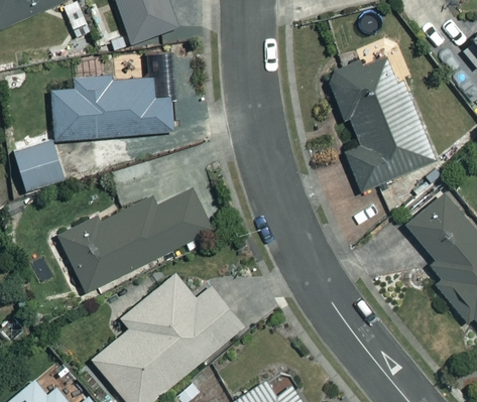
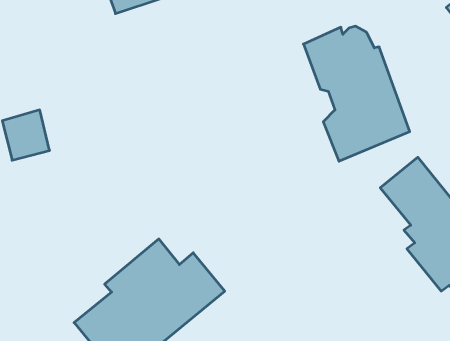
building: [54,74,172,139] -> none
building: [61,188,213,293] -> none

